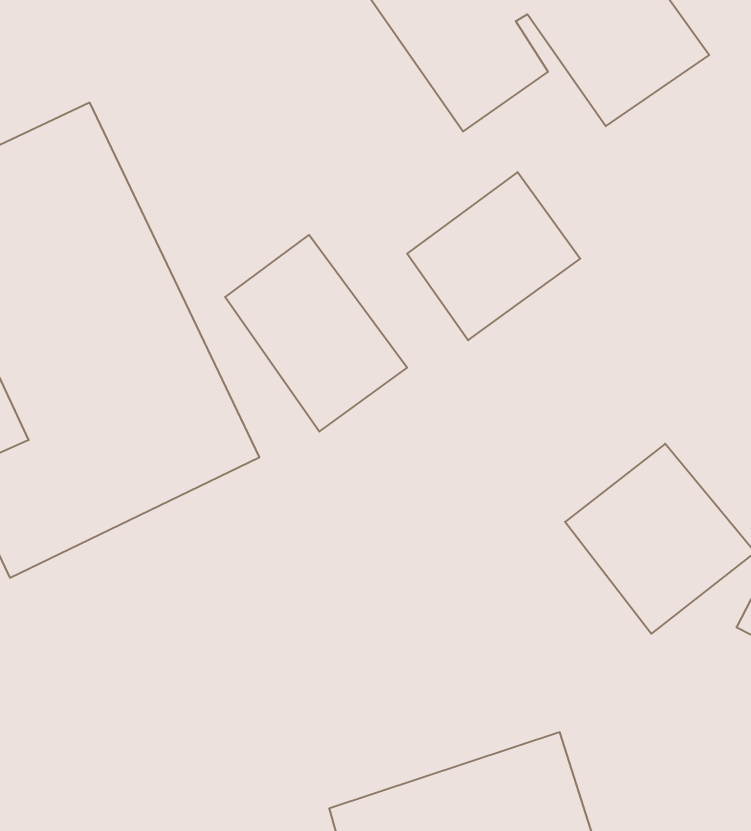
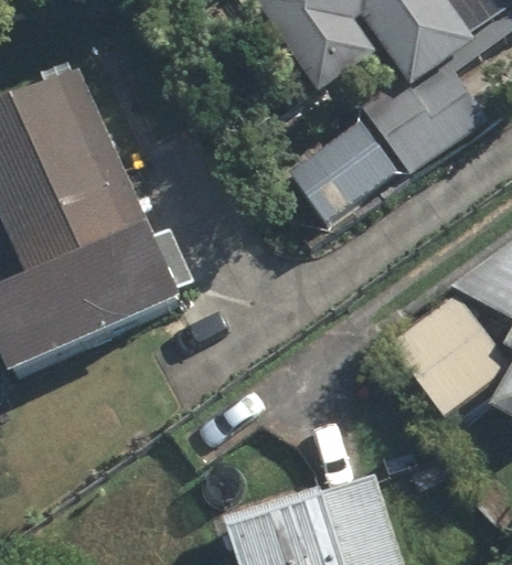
building: none -> [360,64,482,168]
building: [225,235,407,432] -> none

